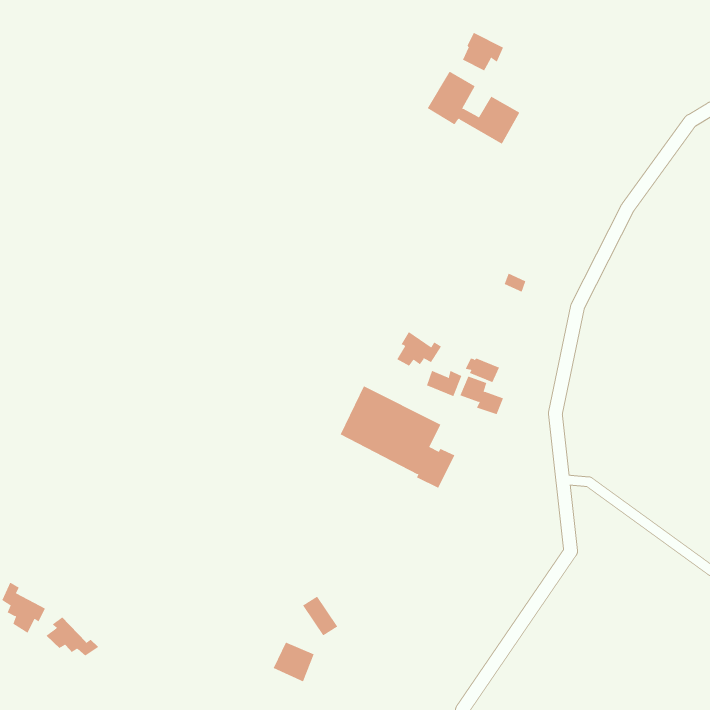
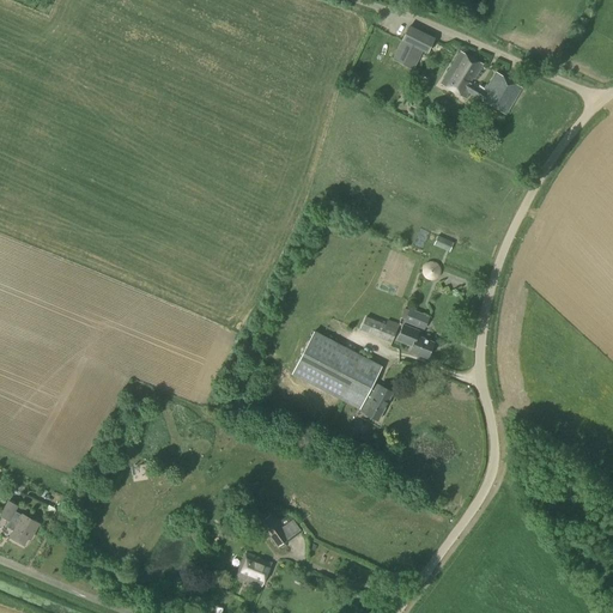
building: [427,71,520,145] -> [442,51,522,115]
building: [396,331,442,367] -> none
building: [45,616,99,657] -> none

